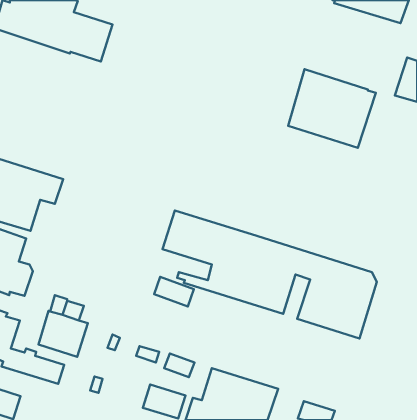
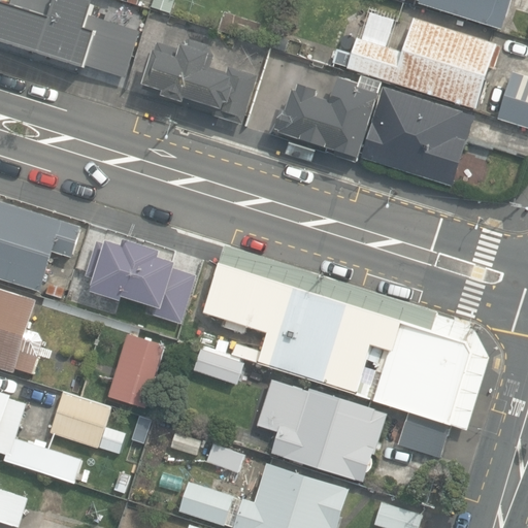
building: none -> [332,19,500,109]
building: none -> [142,39,257,125]
building: none -> [275,77,378,160]
building: none -> [84,240,195,325]
building: none -> [108,335,164,407]
building: none -> [256,376,389,485]
building: none -> [397,412,449,459]

